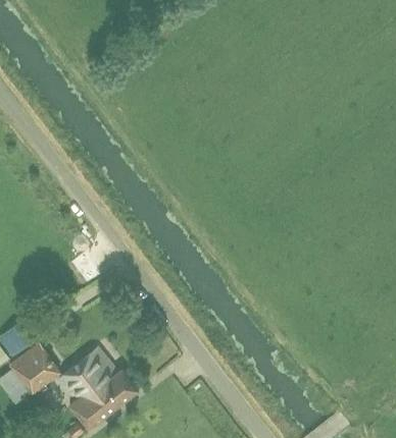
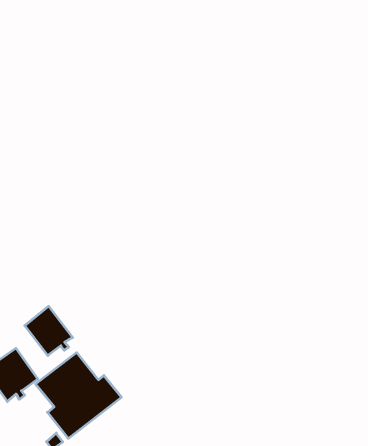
building: none -> [25,306,73,356]

